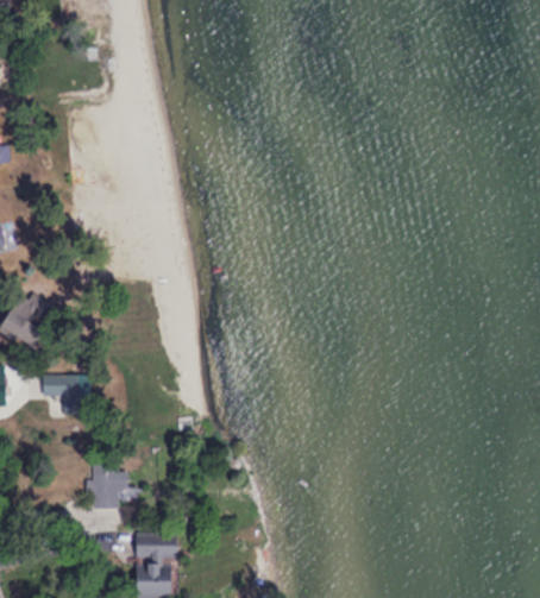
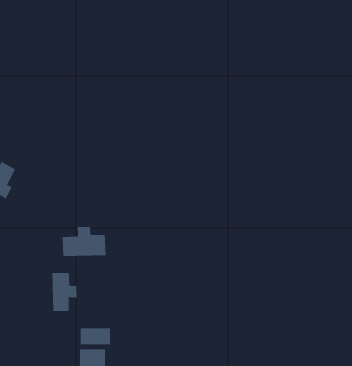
building: [43,371,80,401] -> none
building: none -> [62,226,106,257]

